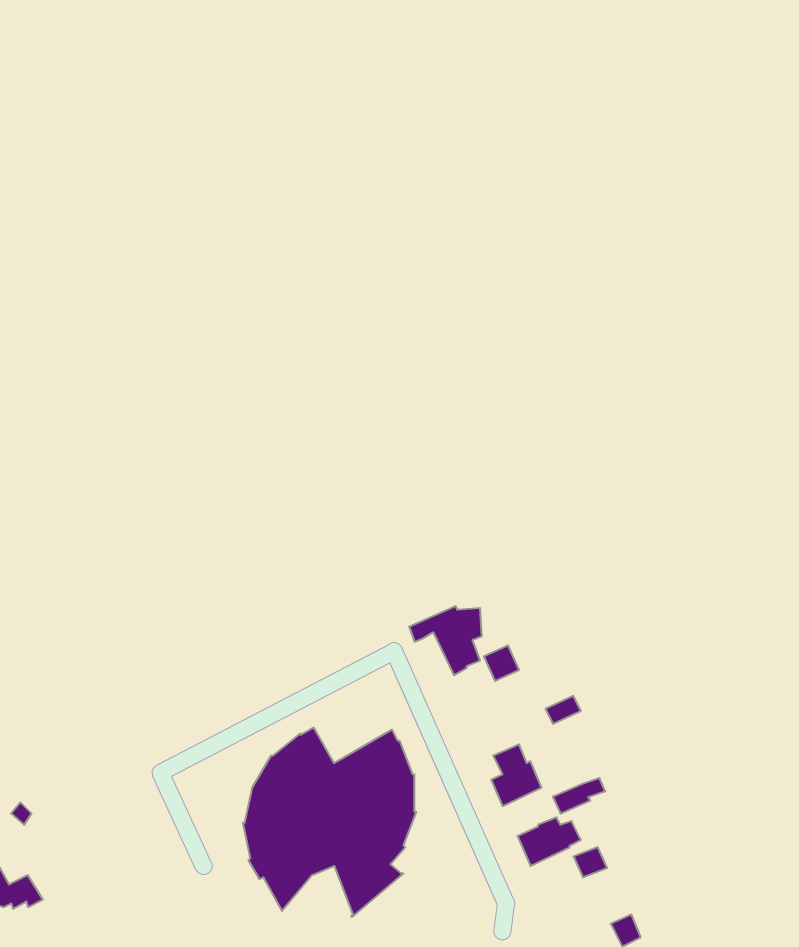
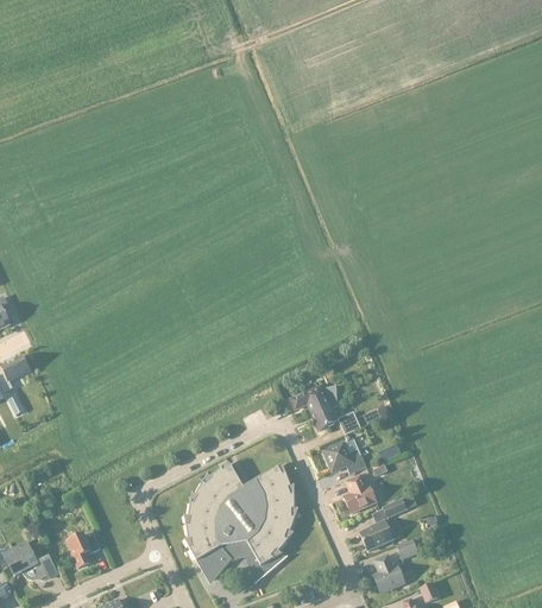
building: none -> [322,437,365,474]
building: none -> [67,533,100,568]
building: none -> [371,555,403,593]

